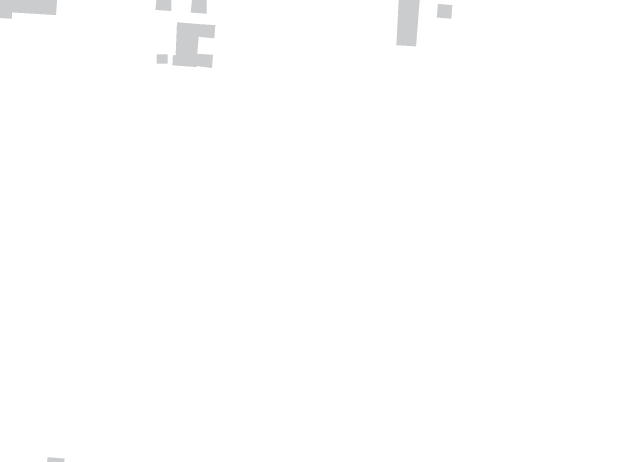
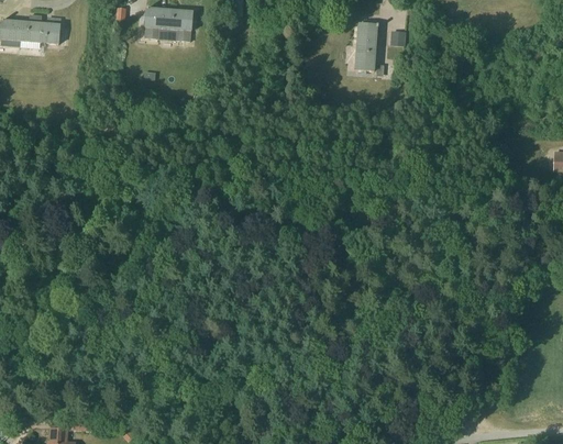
building: [172,22,216,69] -> none

